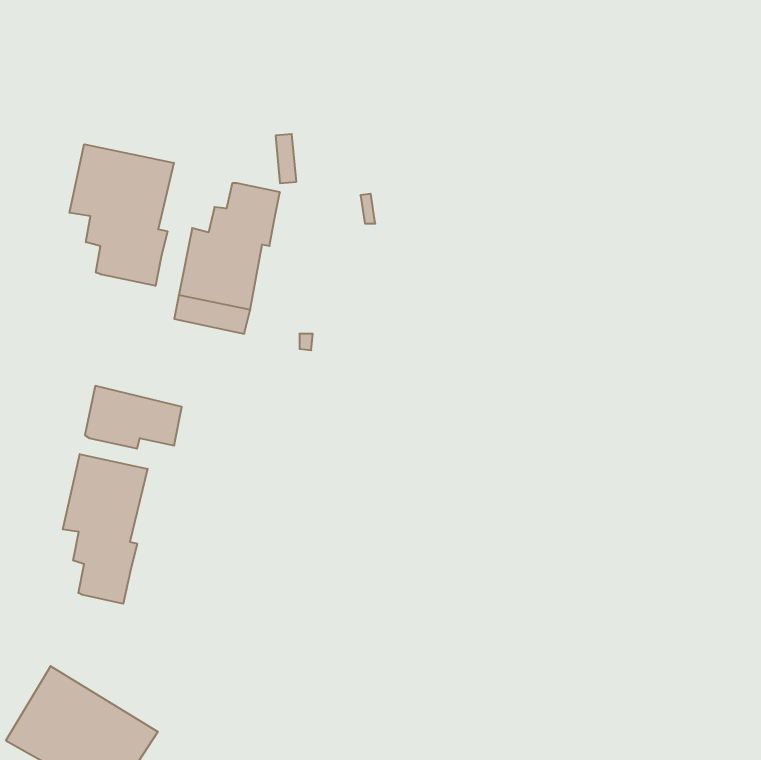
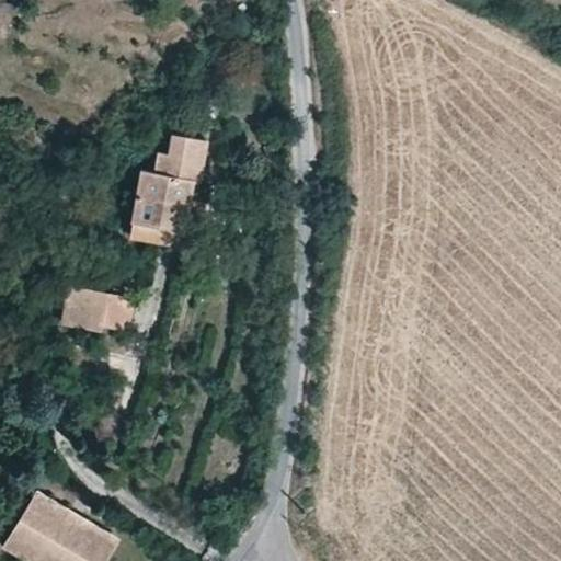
building: [69,144,174,286] -> none
building: [63,454,148,604] -> none

